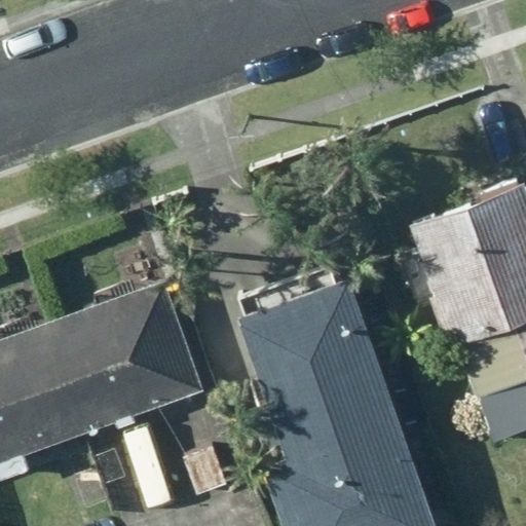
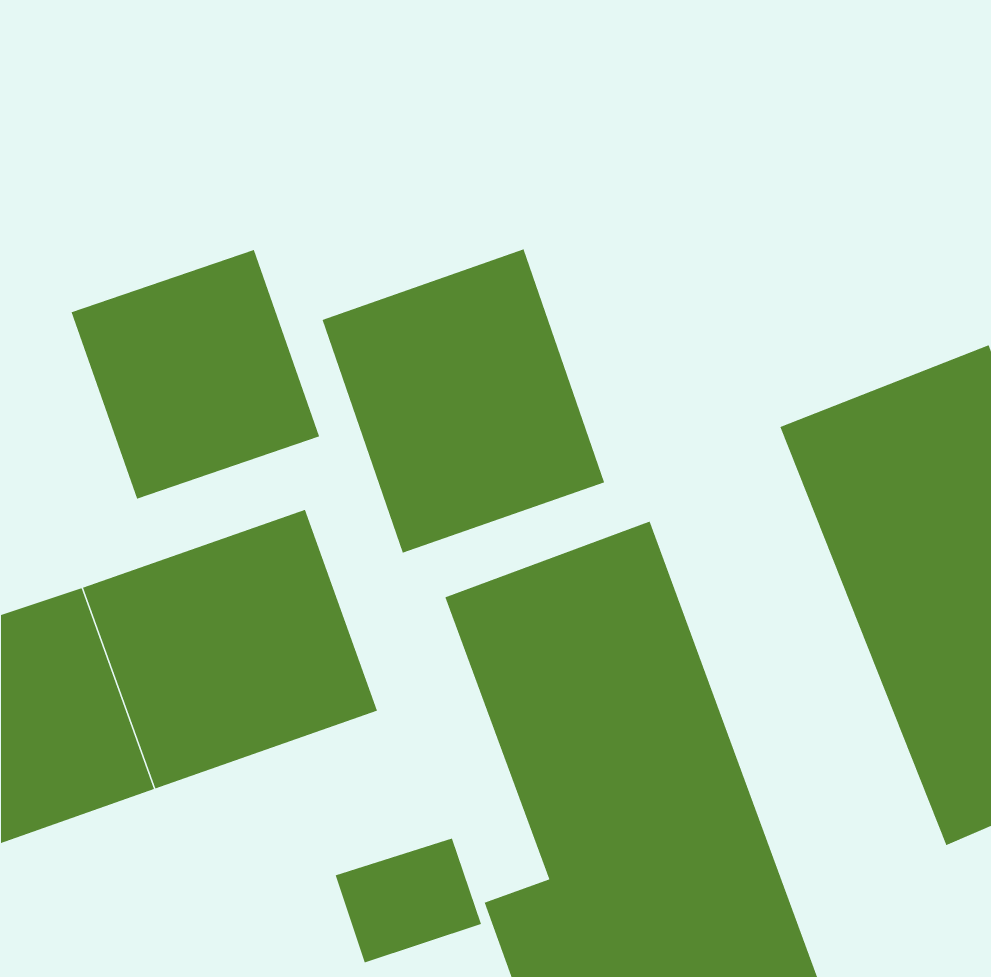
building: none -> [322,248,605,554]
building: none -> [71,249,320,500]

